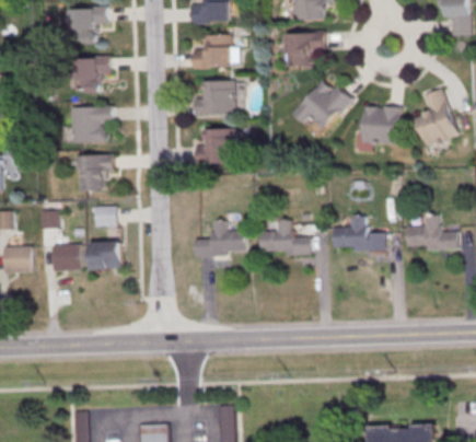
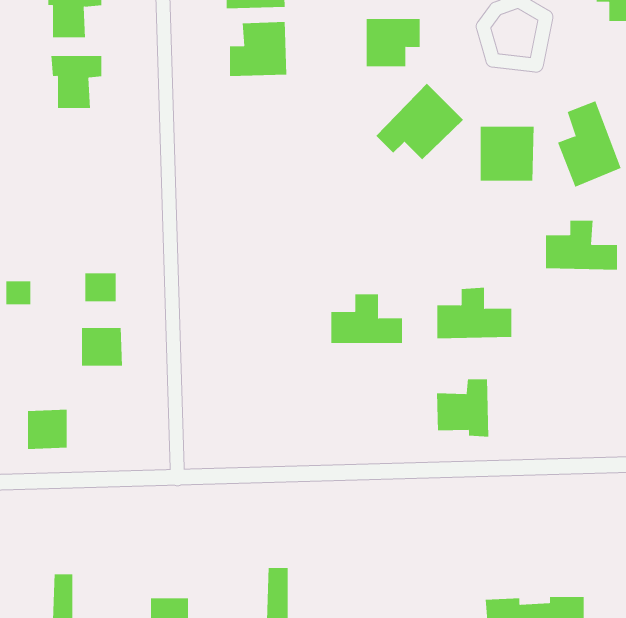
building: [195,80,235,117] -> none
building: [70,106,111,144] -> none
building: [196,128,236,165] -> none
building: [78,154,112,191] -> none
building: [408,214,457,248] -> [545,220,618,270]
building: [196,220,245,256] -> none
building: [53,244,80,271] -> [27,409,68,449]
building: none -> [437,378,489,438]

